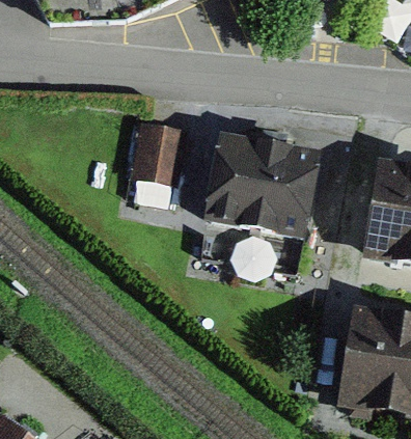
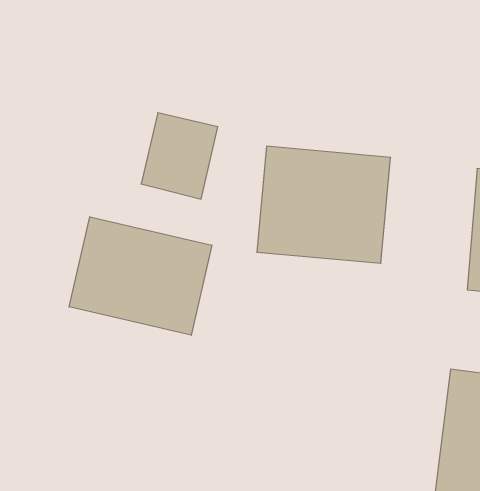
building: none -> [69,217,212,335]

